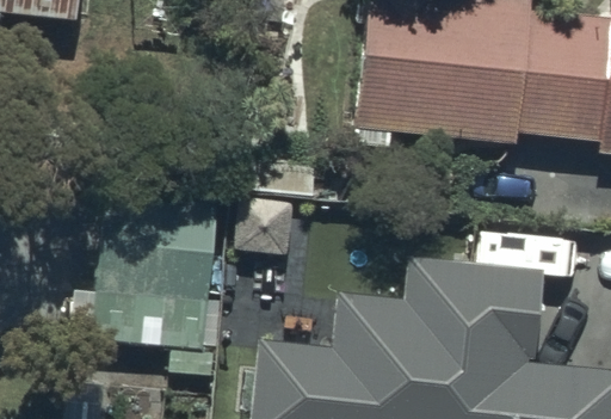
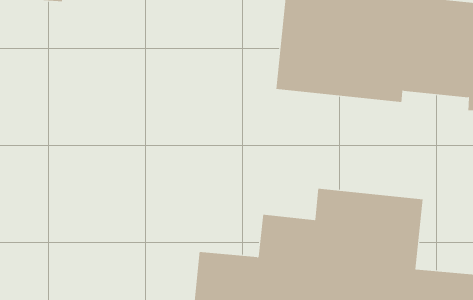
building: [91,190,216,375] -> none

